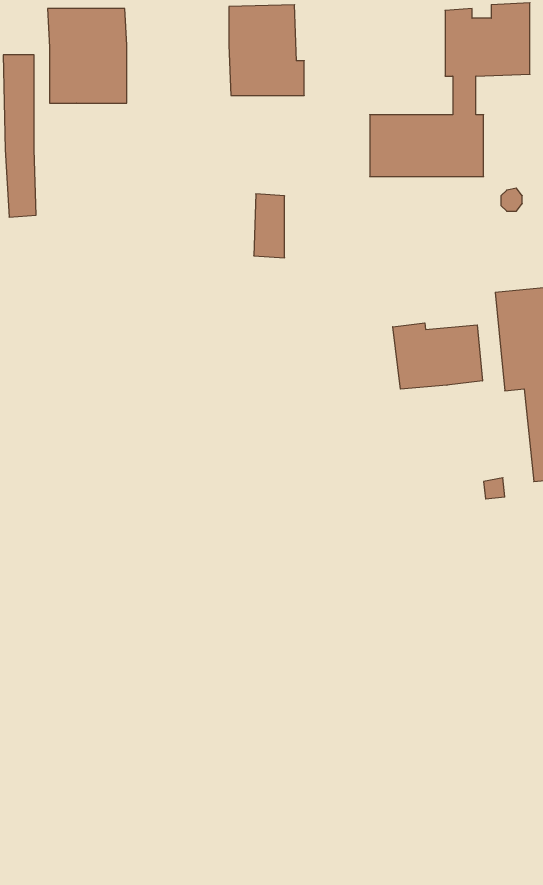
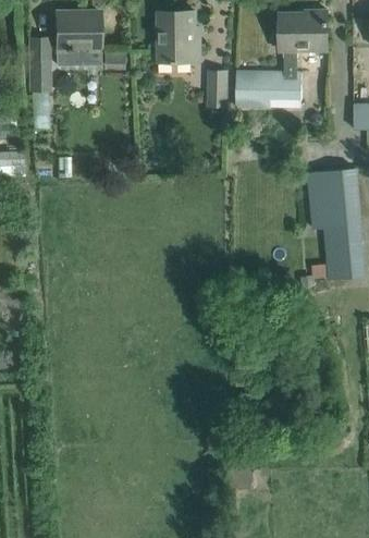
building: [254,194,285,258] -> [208,68,225,103]
building: [393,323,482,389] -> none

